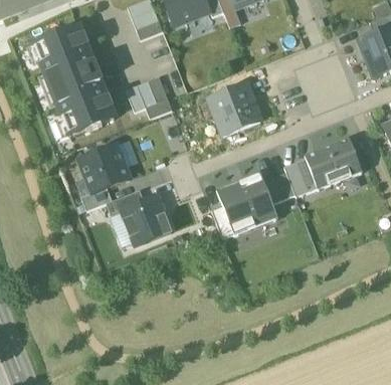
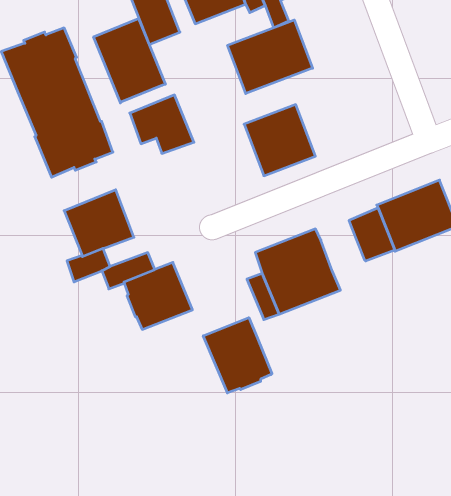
building: none -> [94,18,165,103]
building: none -> [228,20,313,94]
building: [264,171,296,202] -> none
building: none -> [203,318,272,393]

